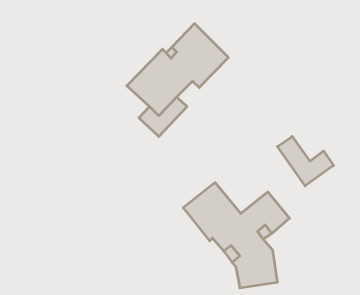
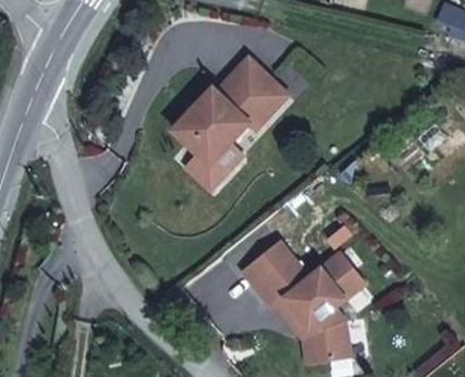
building: [277,136,334,186] -> none

